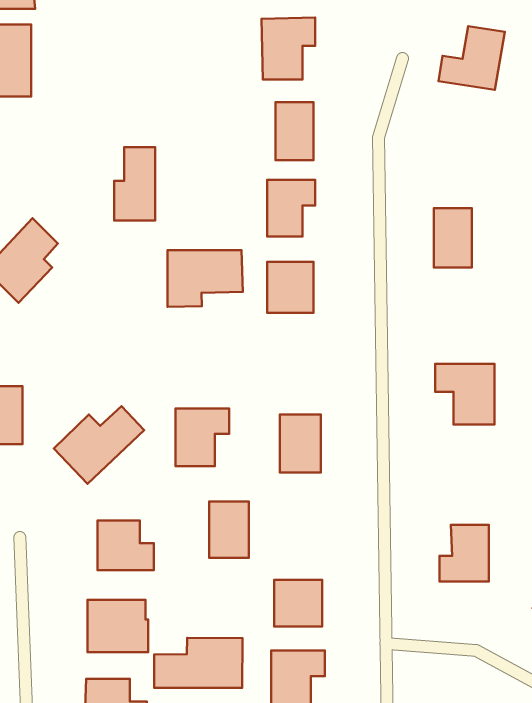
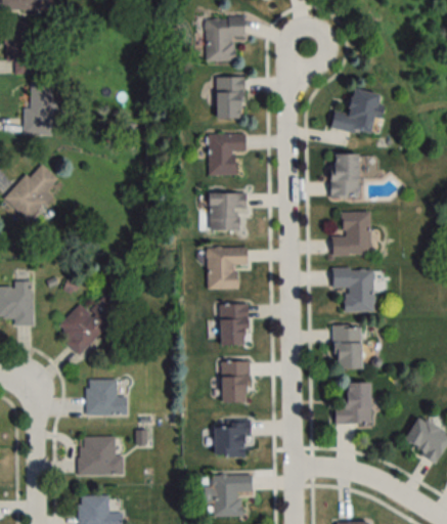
building: [438,26,505,90] -> [330,89,378,135]
building: [114,147,155,221] -> [24,82,53,135]
building: [167,250,243,307] -> none
building: none -> [331,210,371,254]
building: [175,408,229,466] -> [208,246,247,288]
building: none -> [332,324,362,368]
building: [209,501,249,558] -> [221,361,250,402]
building: [154,638,243,688] -> none

